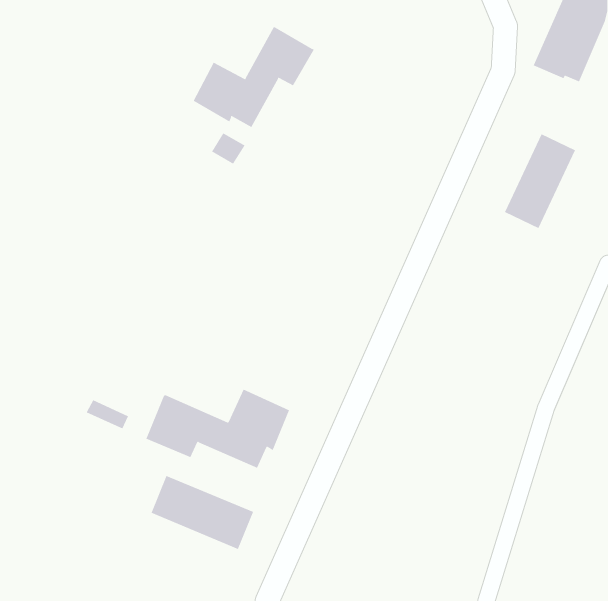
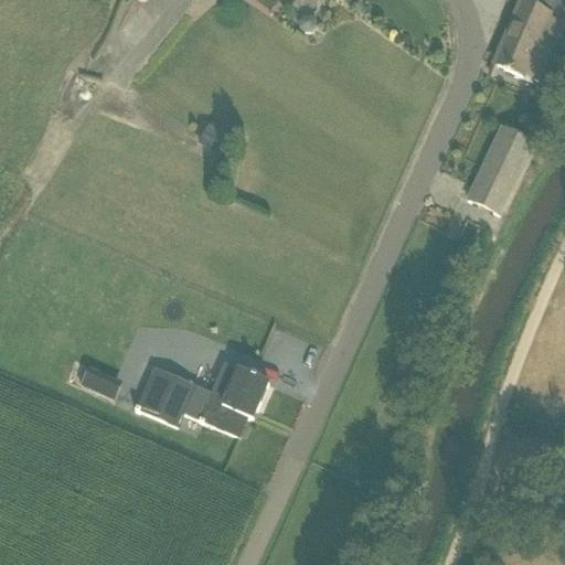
building: [193,27,314,128] -> none
building: [151,475,254,550] -> none

